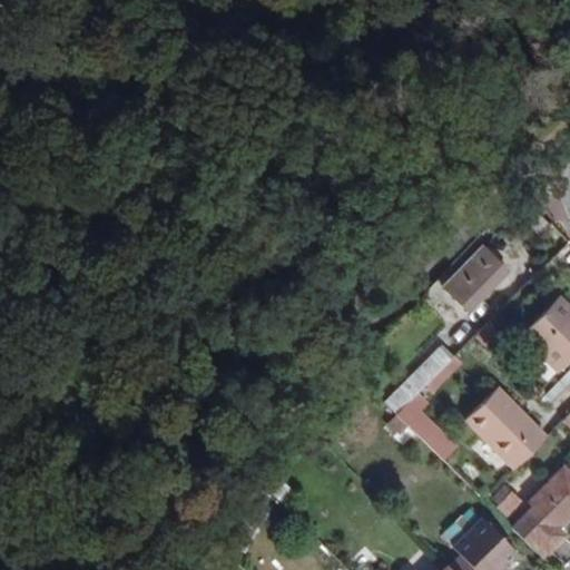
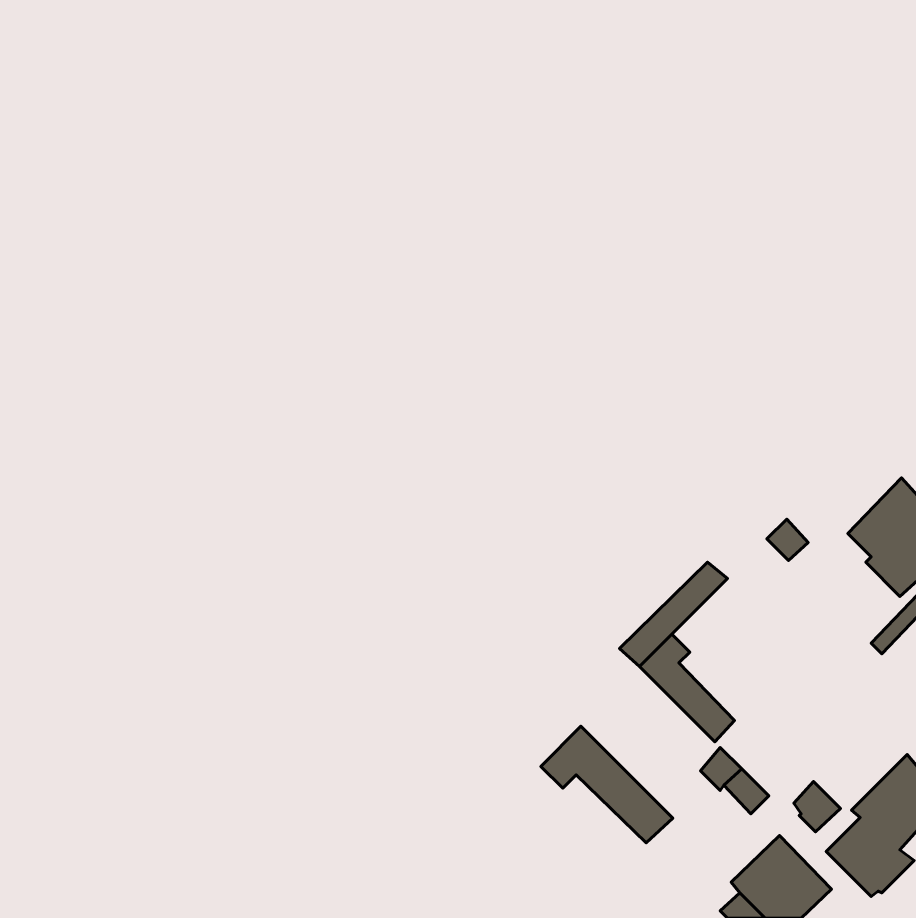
building: [446,247,508,309] -> none
building: [466,387,547,468] -> none
building: none -> [541,726,673,843]

